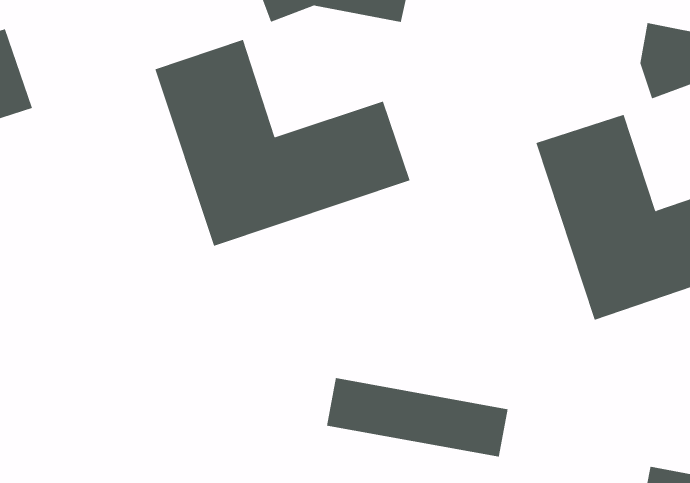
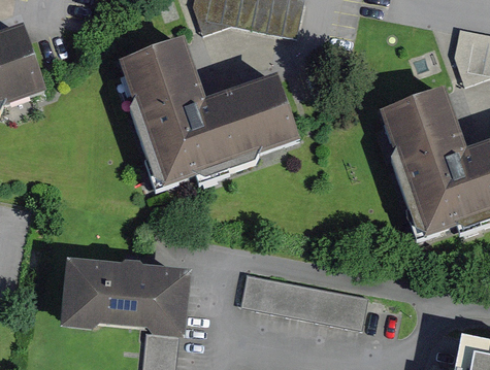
building: none -> [60,258,190,337]

